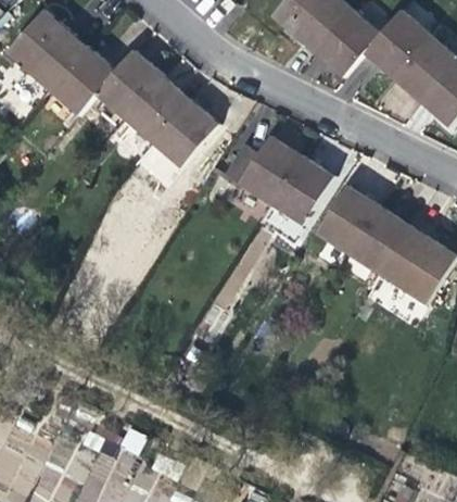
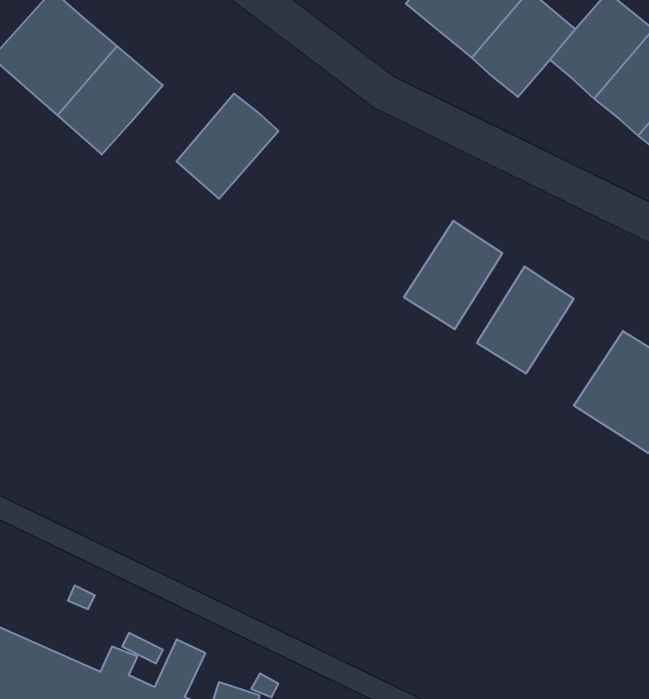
building: [94,48,161,117] -> none
building: [151,98,218,166] -> none
building: [224,136,301,204] -> none
building: [347,205,409,274] -> none

